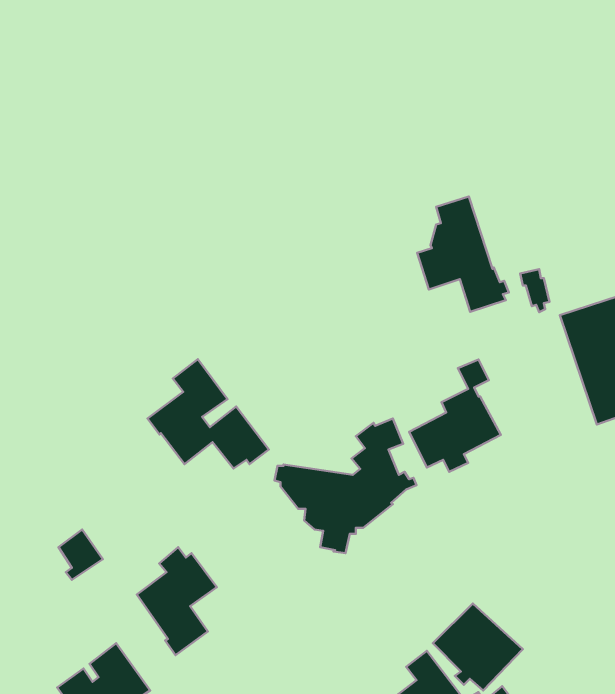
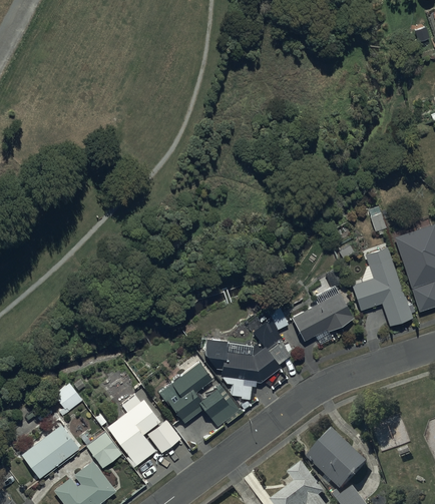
building: [417,197,509,312] -> [353,247,415,326]
building: [148,359,269,469] -> [159,353,242,427]
building: none -> [147,420,180,453]
building: none -> [21,423,80,478]
building: none -> [86,432,122,469]

